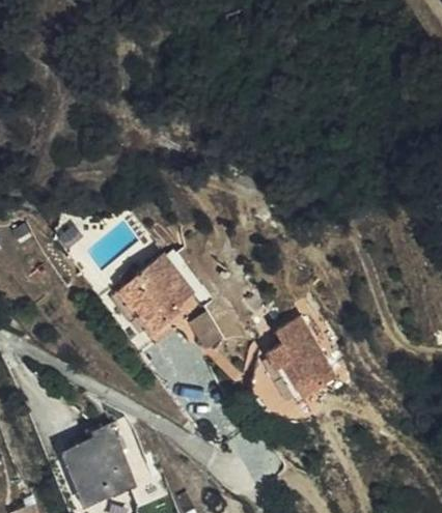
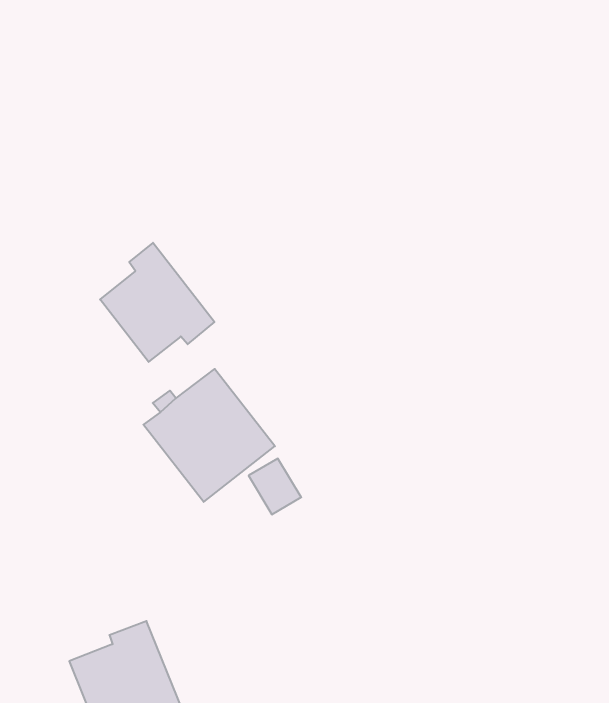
building: none -> [100,243,214,362]
building: [268,316,335,399] -> none

